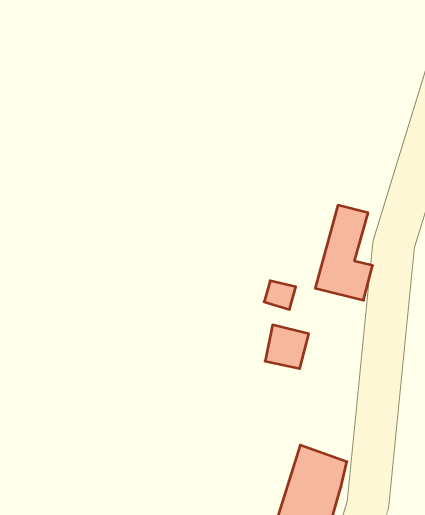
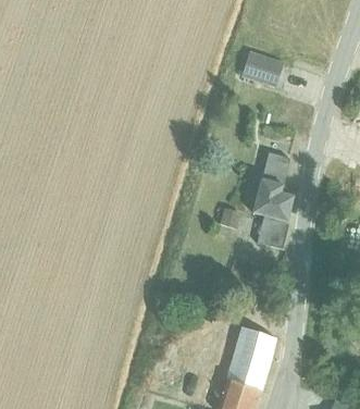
building: none -> [241,50,283,87]
building: [265,325,309,369] -> [258,216,289,248]

